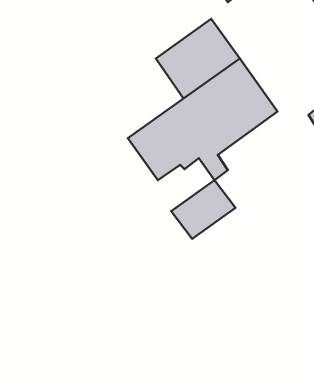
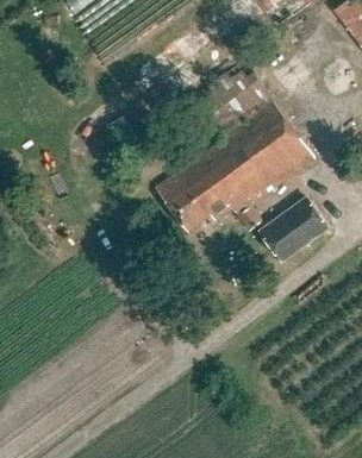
building: [171,180,235,239] -> [261,197,330,261]

